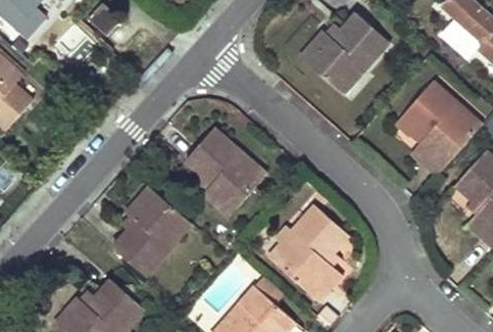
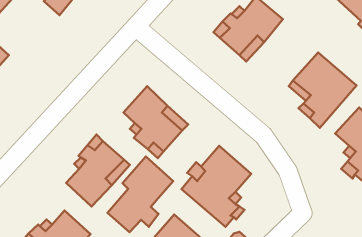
building: none -> [107,157,173,232]

